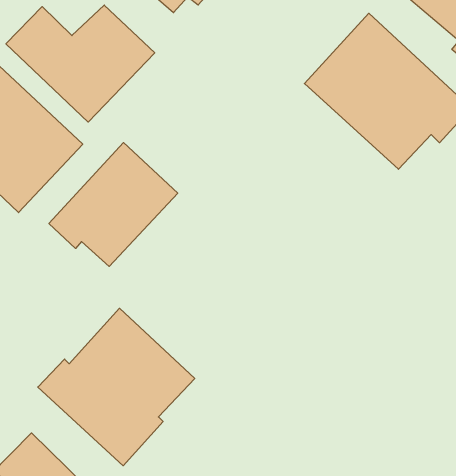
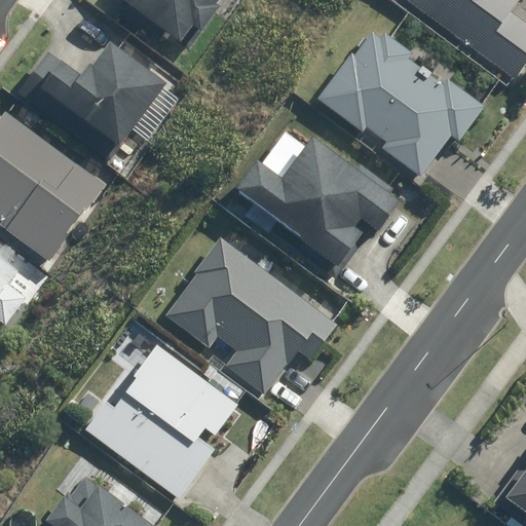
building: none -> [233,138,406,268]
building: [49,143,178,266] -> none
building: none -> [161,237,337,398]

